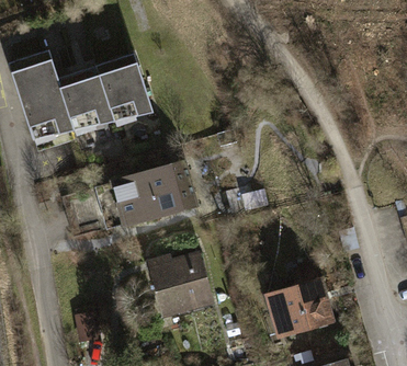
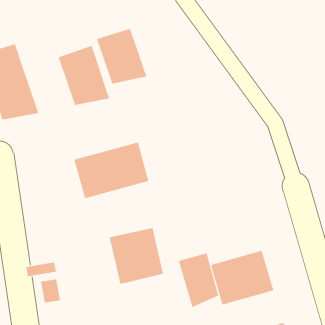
building: [56,65,113,127] -> [96,28,147,84]
building: none -> [178,252,219,308]

